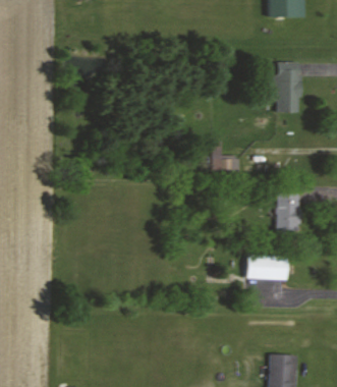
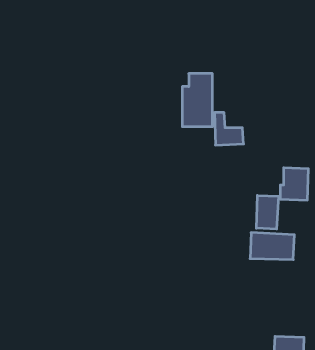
building: [271,63,299,113] -> [182,74,212,127]
building: none -> [256,195,279,229]

